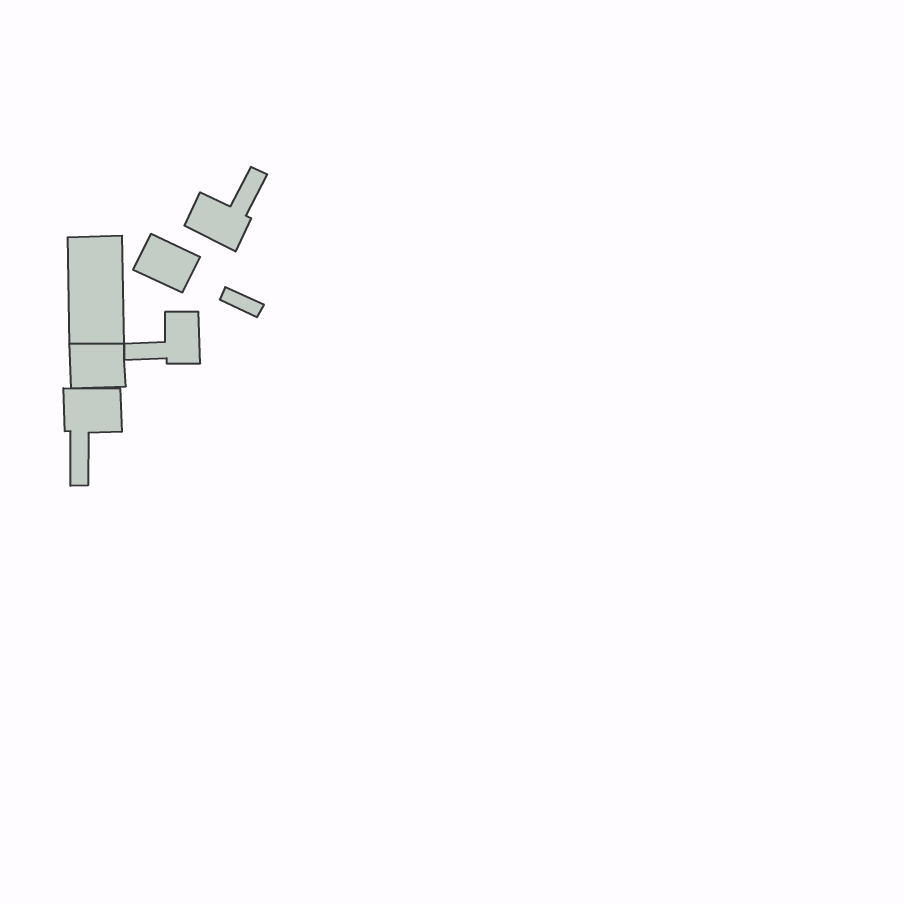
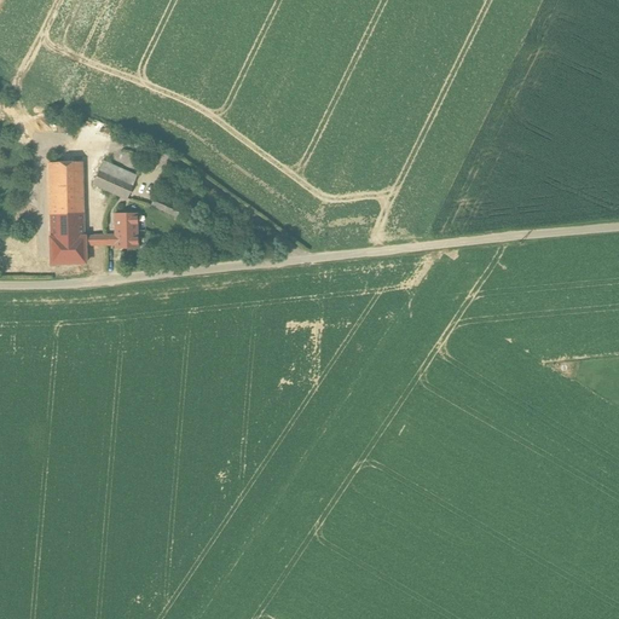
building: [184,167,267,252] -> none
building: [63,388,122,486] -> none

